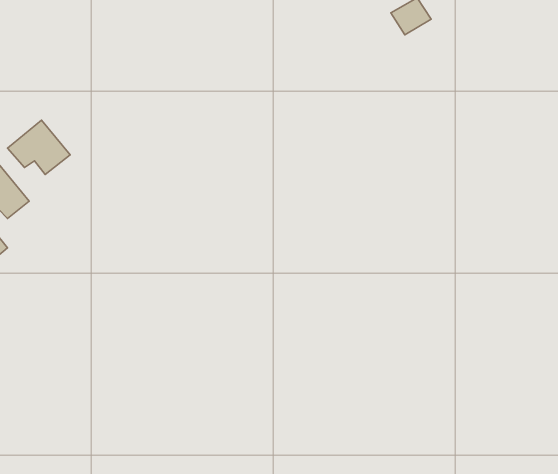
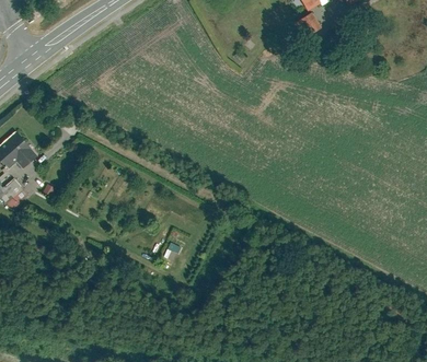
building: [8,120,70,174] -> none

